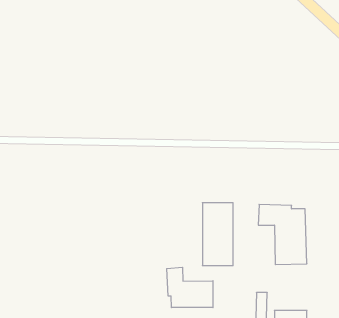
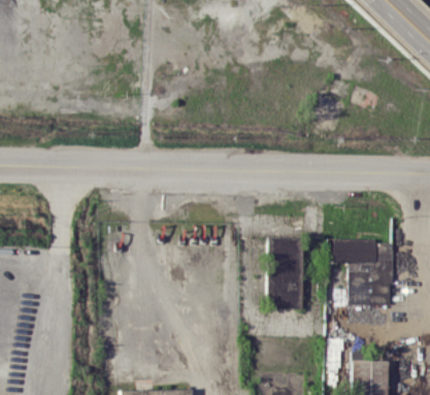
building: [167,267,213,308] -> none

